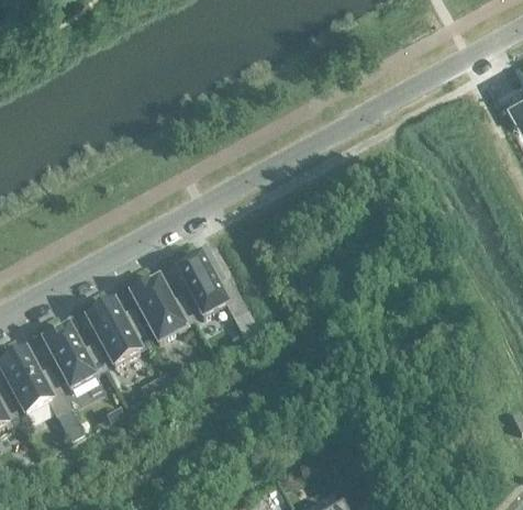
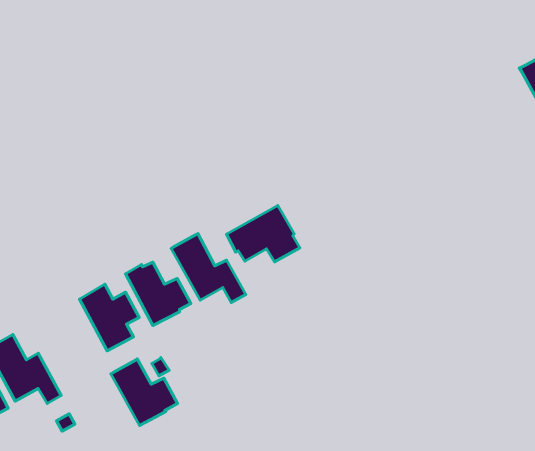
building: none -> [226,206,300,262]
building: [41,323,104,387] -> [111,359,177,425]

